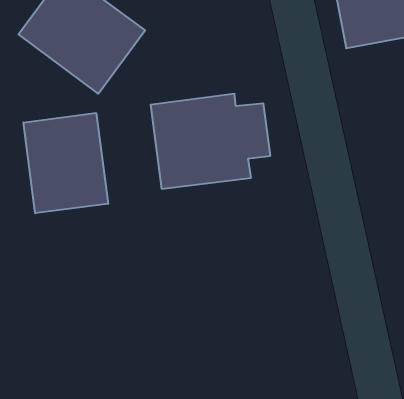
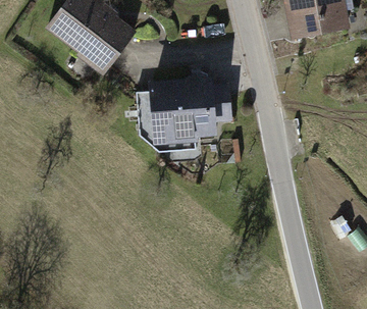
building: [23,113,108,213] -> none

